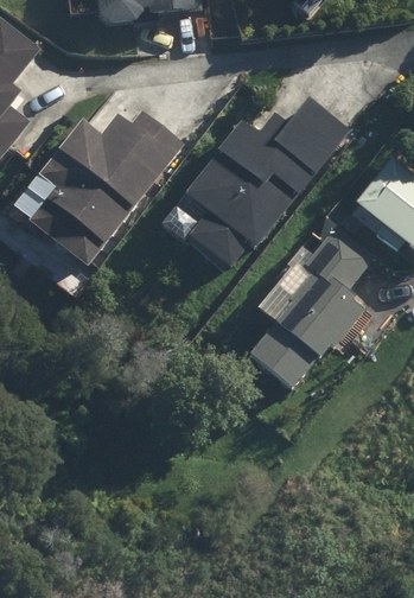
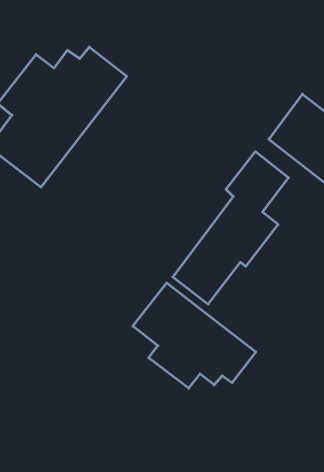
building: [184,96,351,269] -> none
building: none -> [133,283,256,388]

